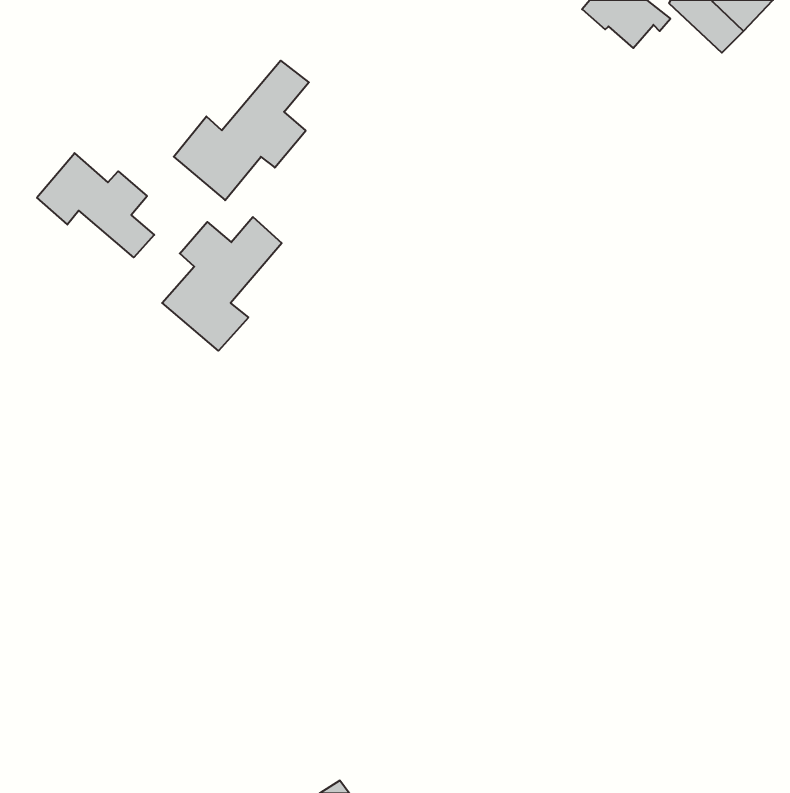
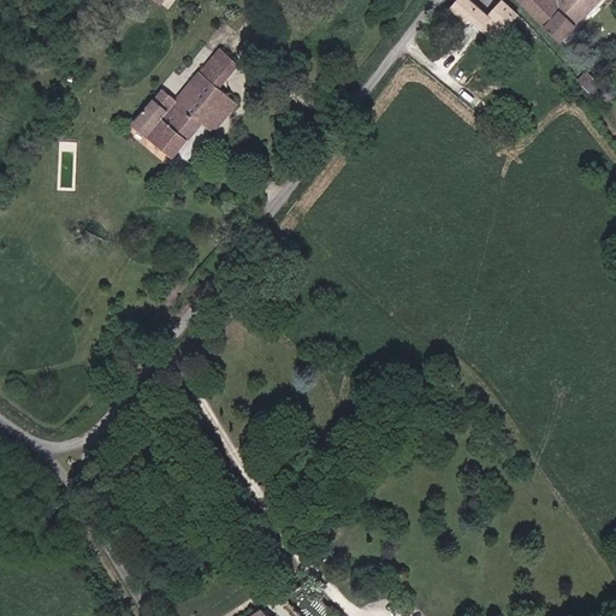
building: [37,153,154,257] -> none
building: [162,217,282,351] -> none

